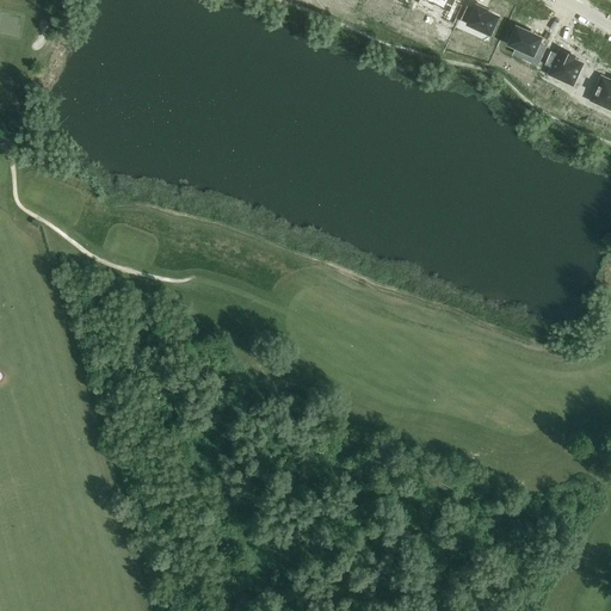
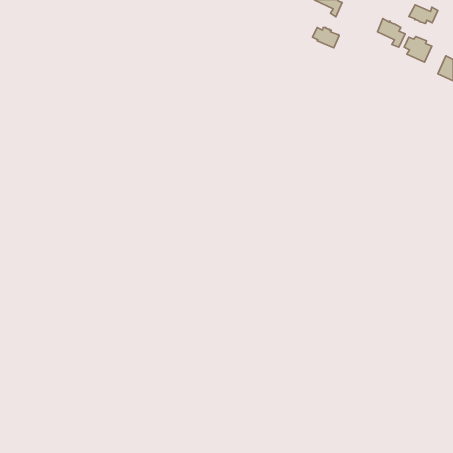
building: [461,5,496,32] -> [313,27,339,48]
building: none -> [409,5,438,24]

